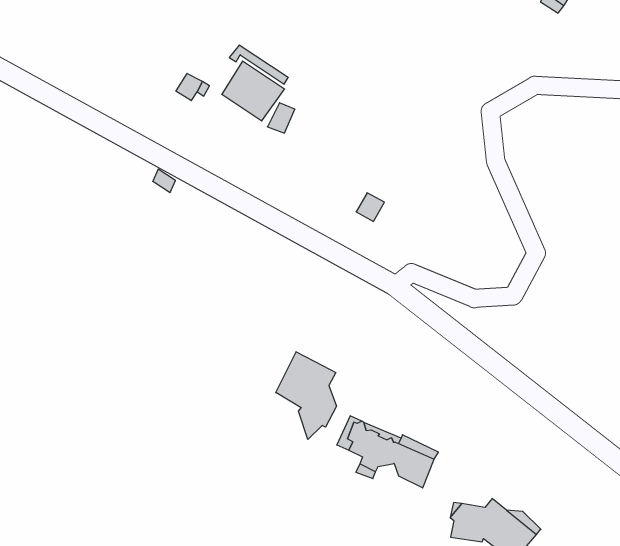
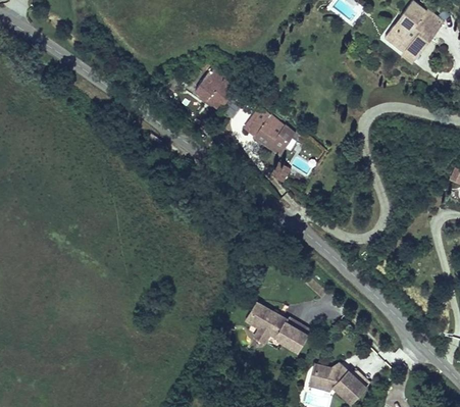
building: none -> [245,108,295,155]
building: [276,352,336,439] -> none

